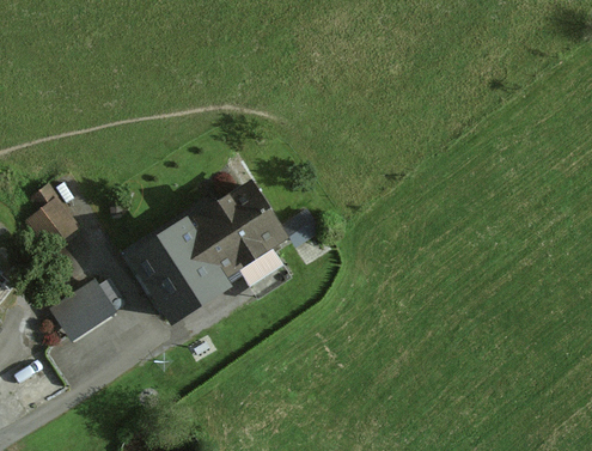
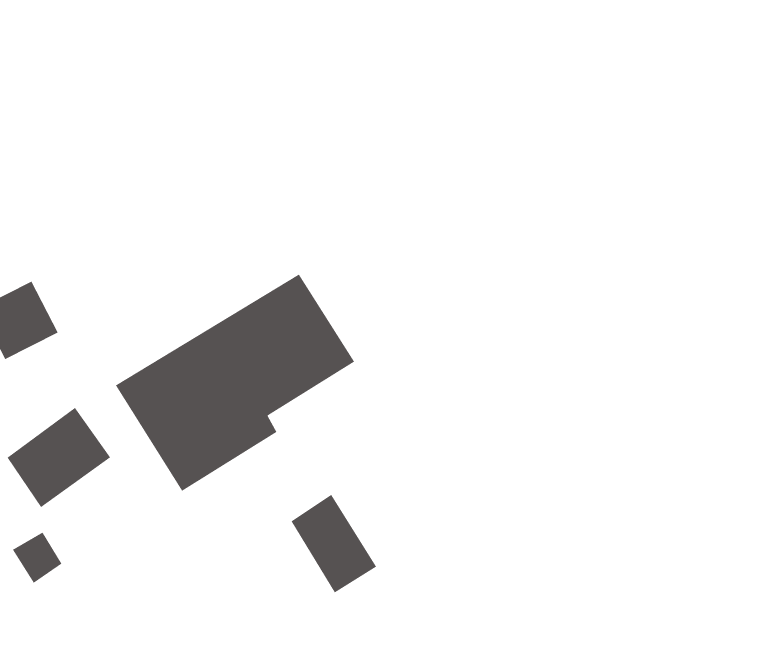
building: none -> [290,494,377,594]

